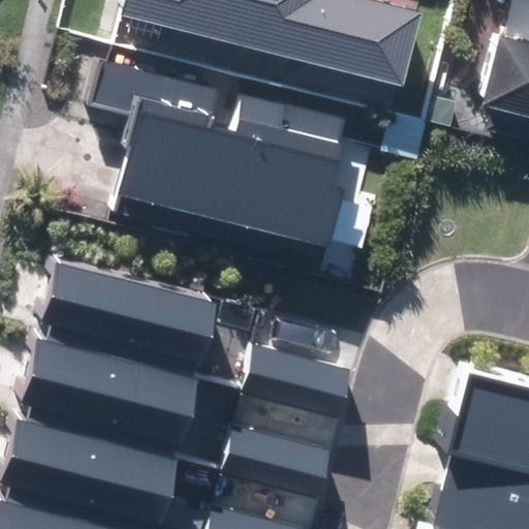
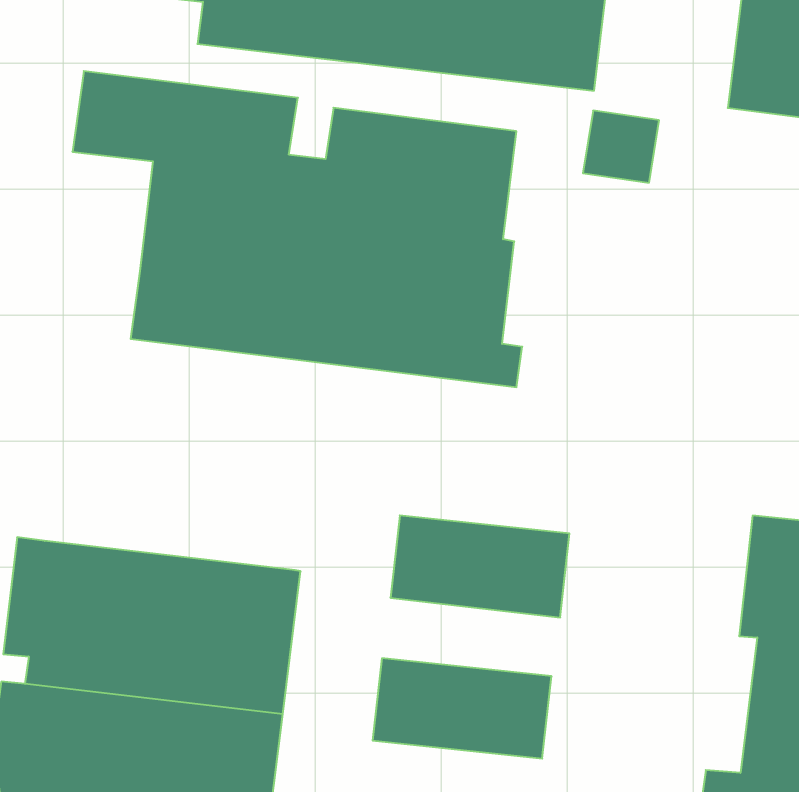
building: [39,246,214,360] -> none

